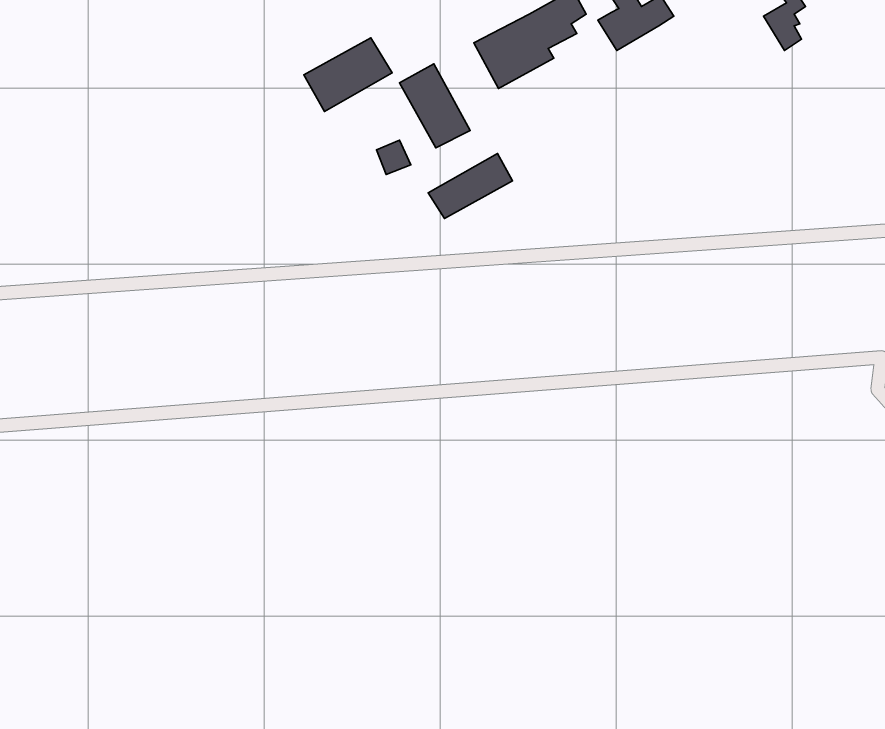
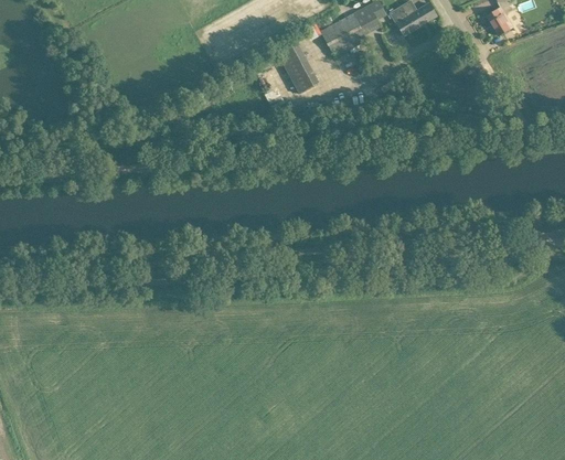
building: [304,38,392,111] -> none
building: [428,154,512,218] -> none

